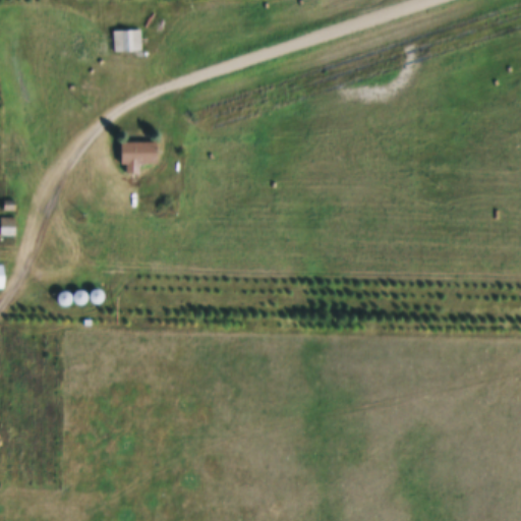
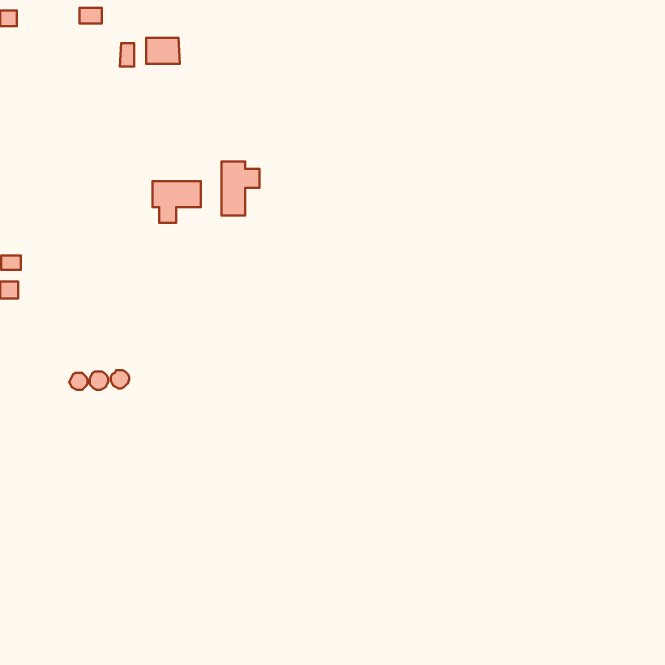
building: none -> [222,162,259,216]

